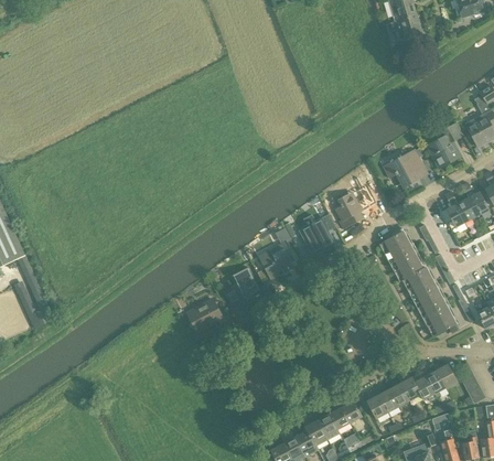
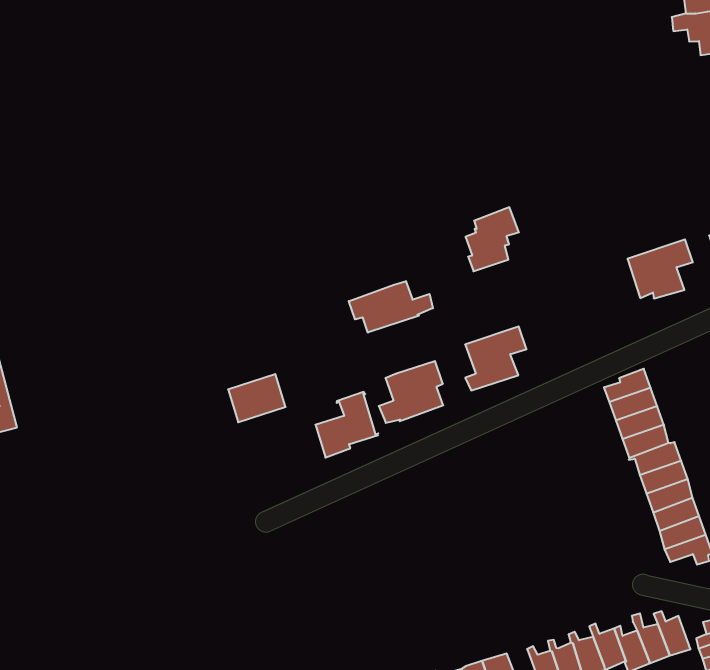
building: [336,189,366,228] -> [465,207,519,271]
building: none -> [349,281,433,333]
building: [187,300,222,331] -> [228,374,286,422]

